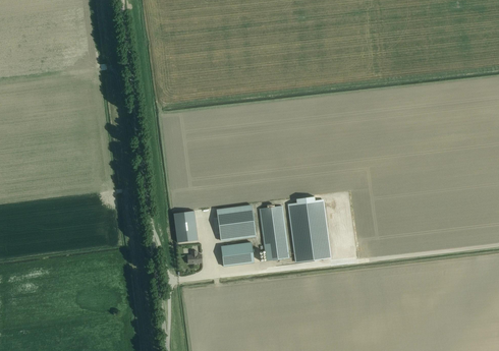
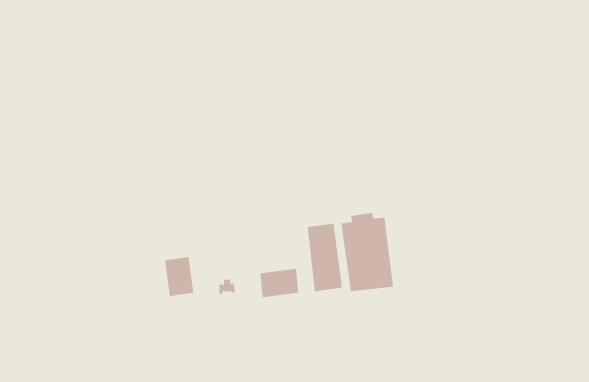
building: [216,204,256,240] -> none
building: [173,210,198,242] -> [164,257,194,296]

